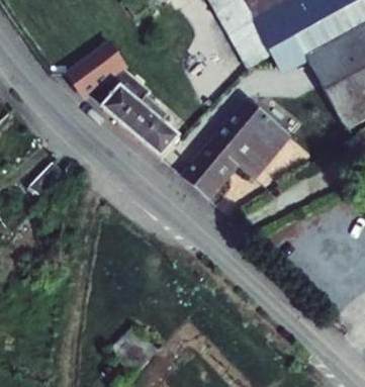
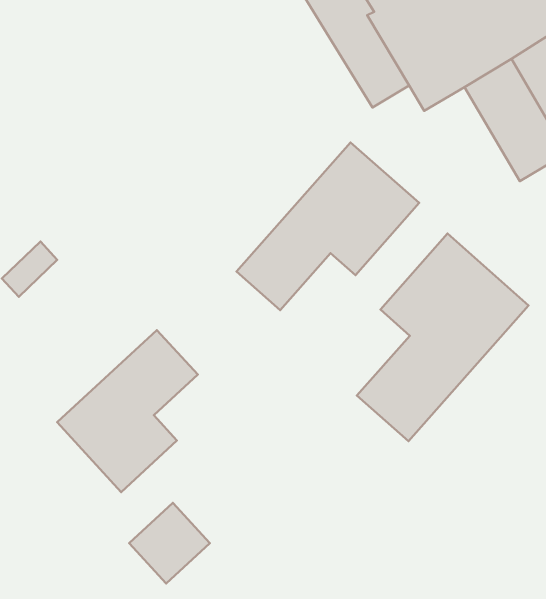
building: [65,49,174,163] -> none
building: none -> [357,234,529,441]
building: none -> [57,330,198,492]

